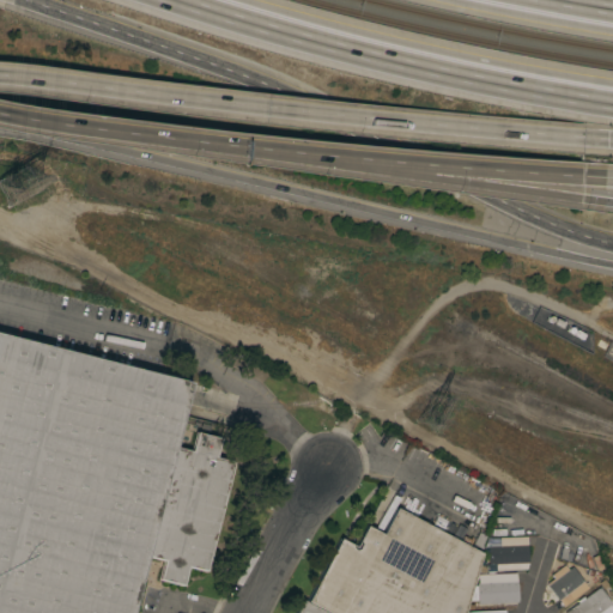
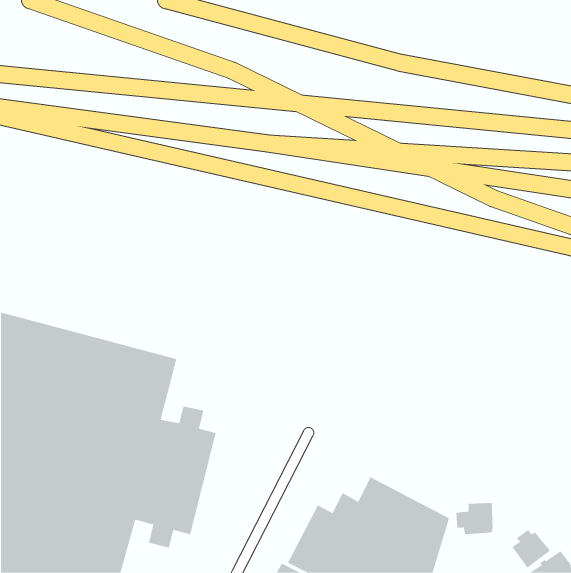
building: [478,572,518,607] -> none

